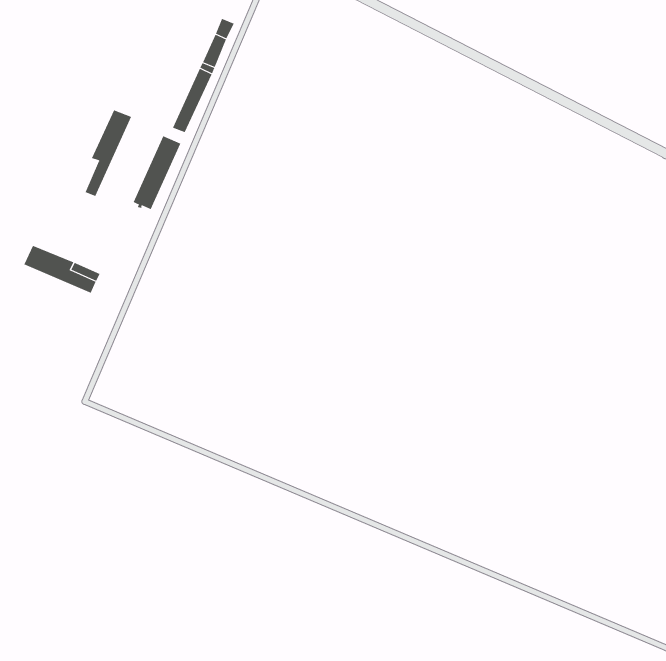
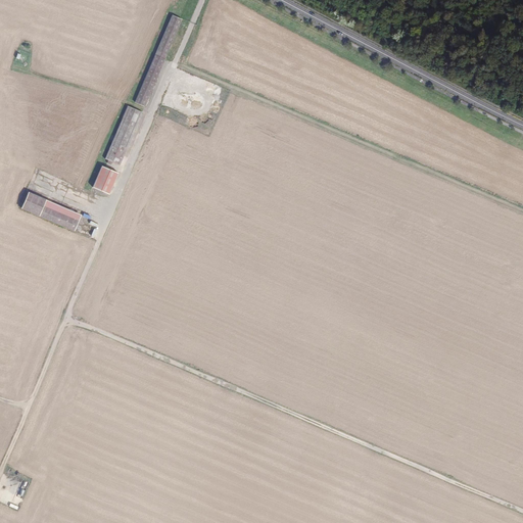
building: [85,109,132,197] -> none
building: none -> [93,163,118,191]

